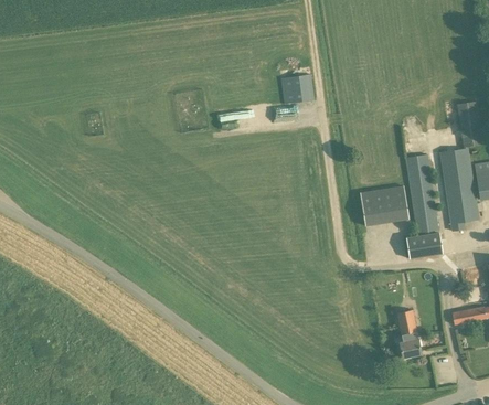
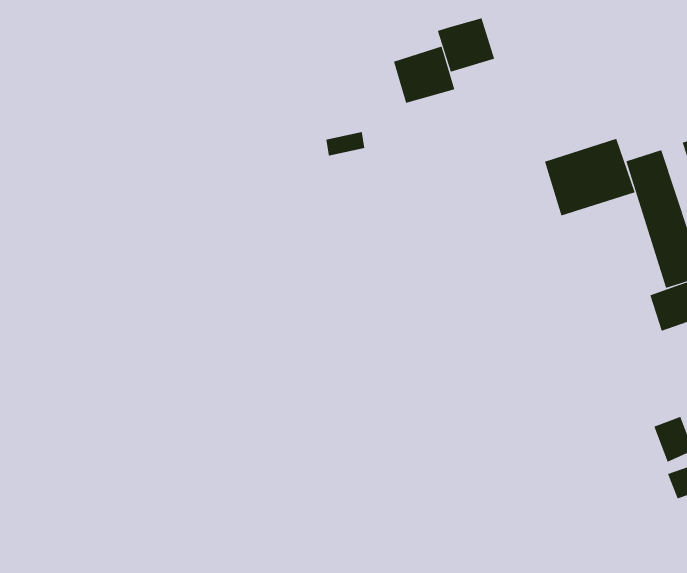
building: none -> [437,17,495,72]
building: [359,184,408,224] -> [544,138,635,216]

